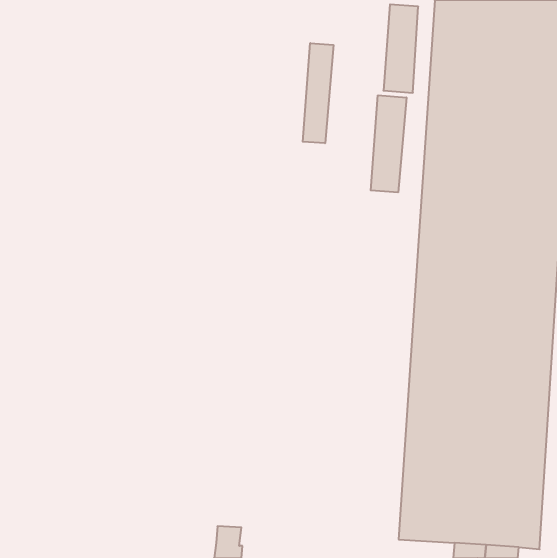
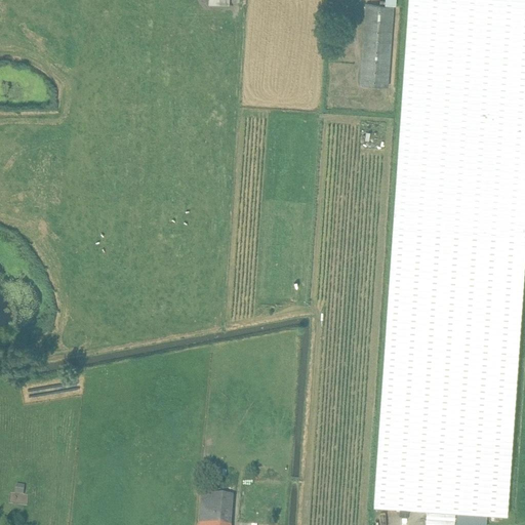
building: [303,43,333,143] -> none
building: [371,95,406,192] -> none

